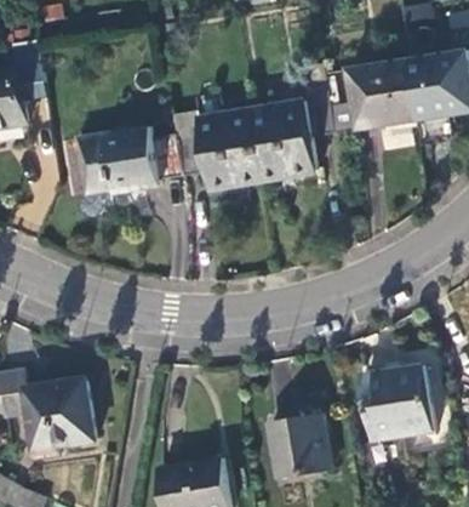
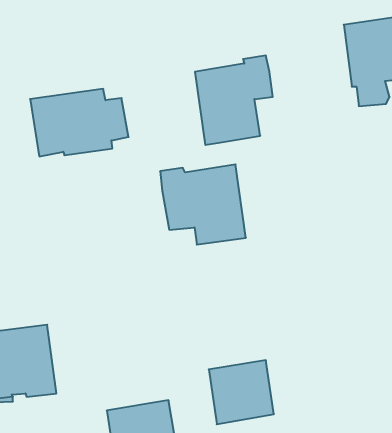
building: [327,57,414,133] -> none
building: [168,107,259,192] -> [160,164,246,245]
building: [361,364,434,443] -> none

